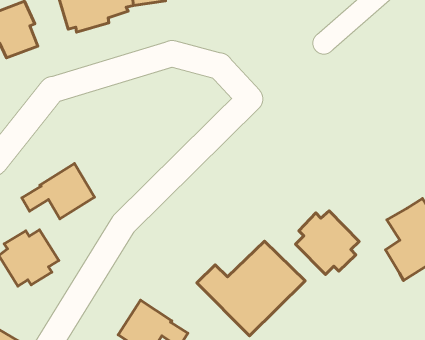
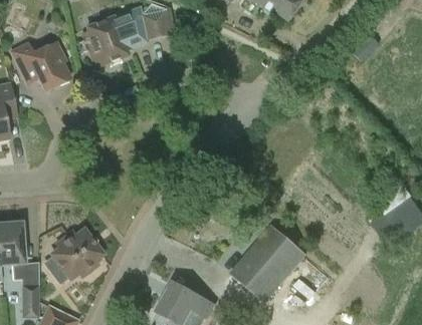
building: [22,163,94,219] -> none
building: [295,211,359,275] -> none

